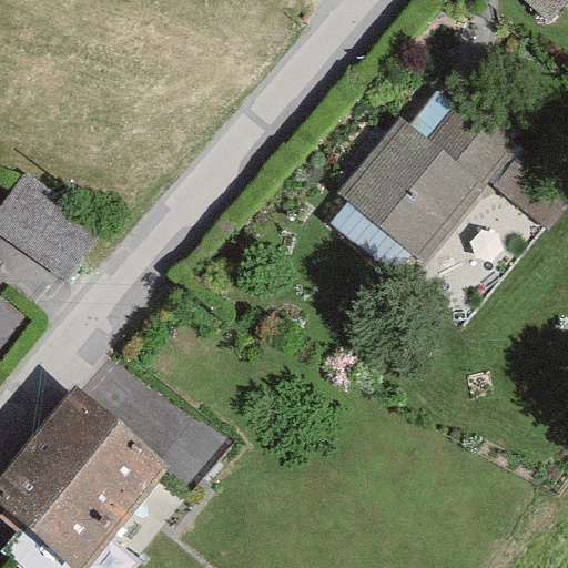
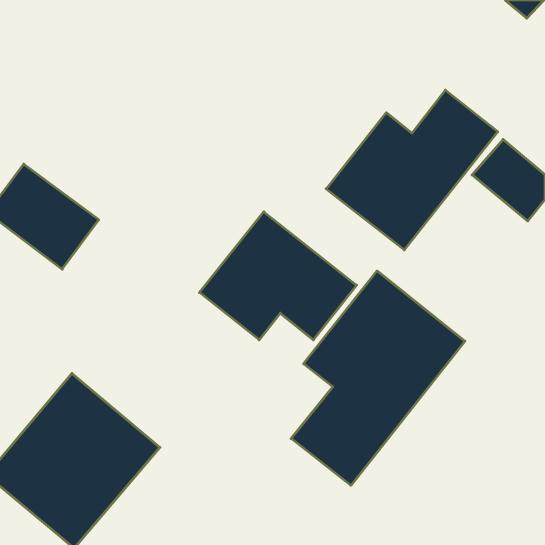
building: none -> [199,212,357,340]
building: none -> [291,271,465,485]

